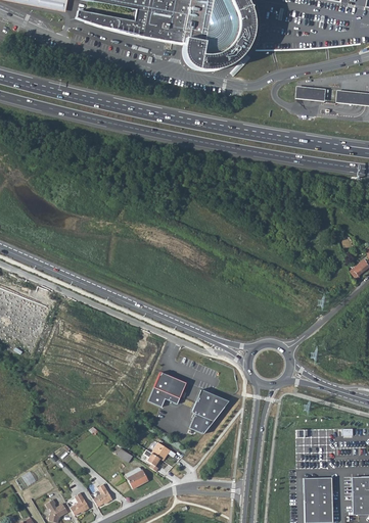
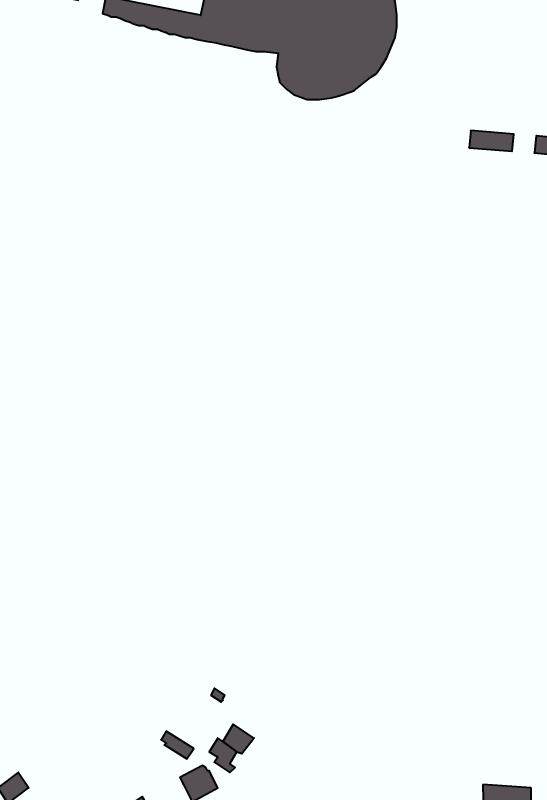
building: [148,372,186,406] -> none
building: [189,387,229,432] -> none

